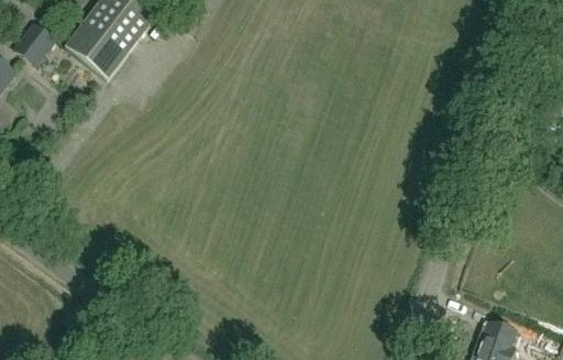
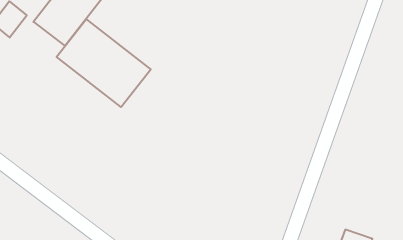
building: none -> [57,19,151,107]

